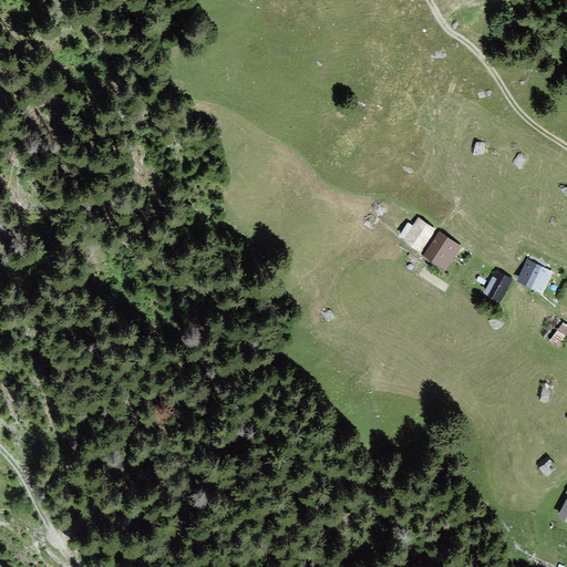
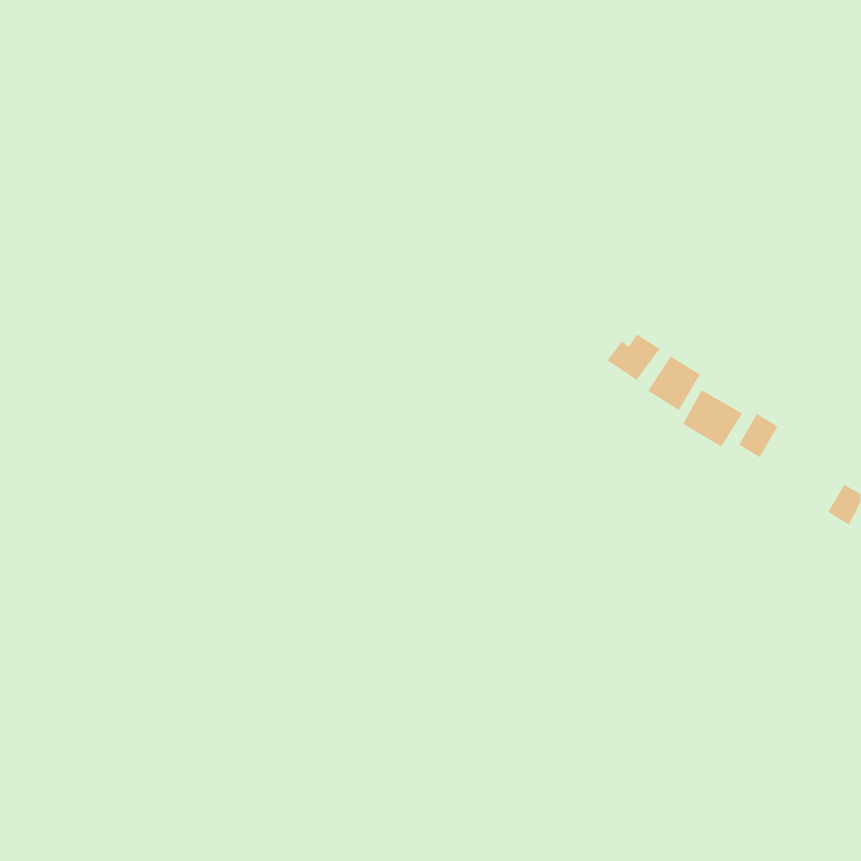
building: none -> [682,389,743,447]
building: [518,260,551,291] -> none

